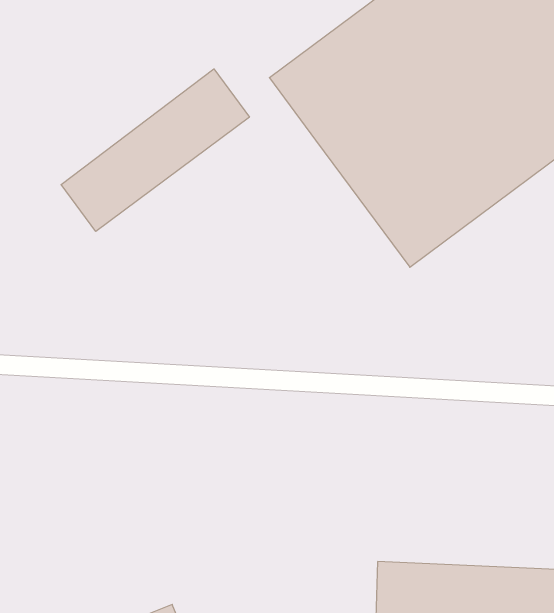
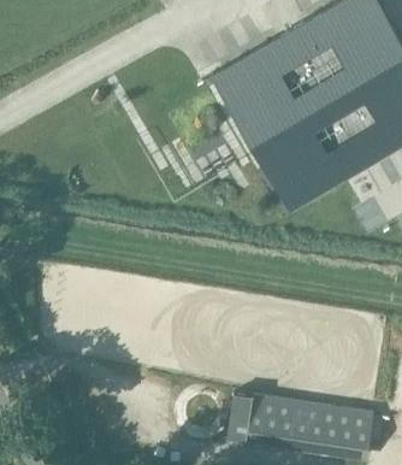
building: [61,69,249,231] -> none

